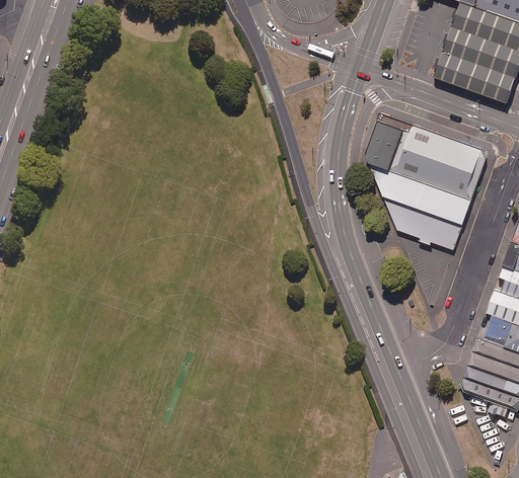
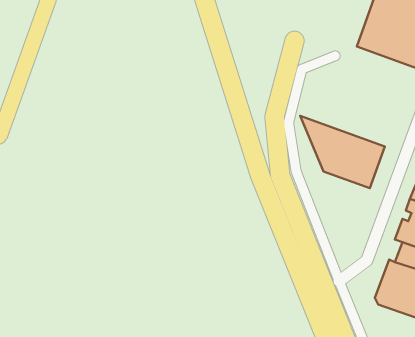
building: [366,113,488,200] -> none

